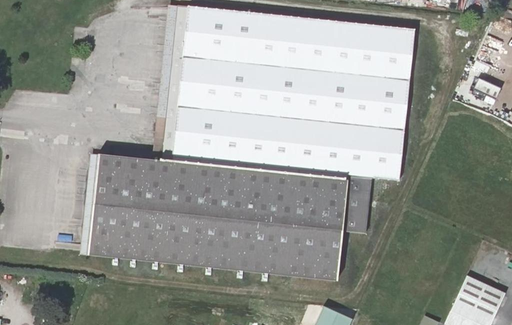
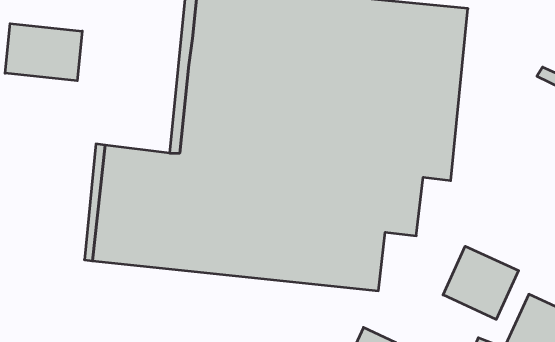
building: none -> [5,24,82,81]
building: none -> [443,246,519,319]

